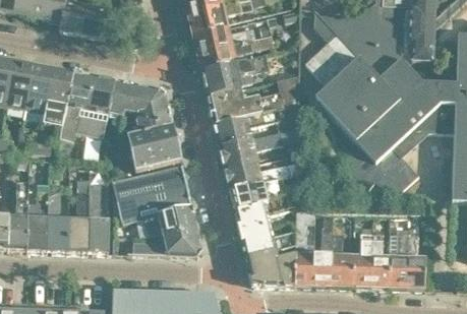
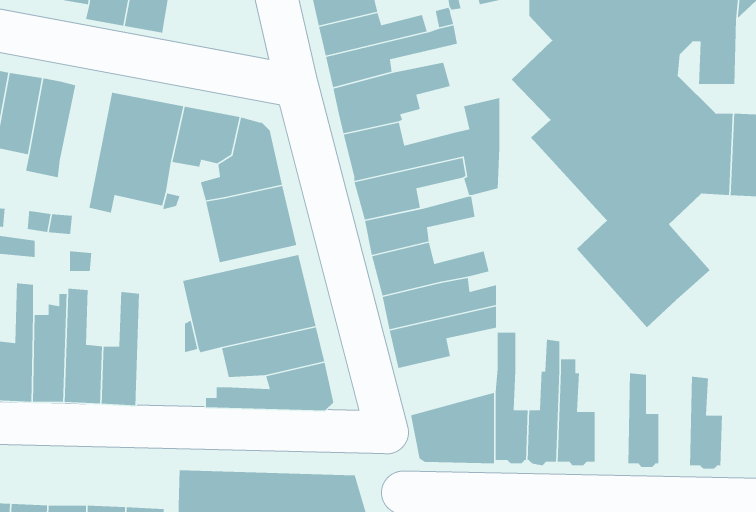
building: [42,67,73,138] -> none
building: [87,183,109,253] -> none
building: [238,224,295,257] -> none
building: [389,229,407,289] -> none
building: [352,233,371,288] -> none

